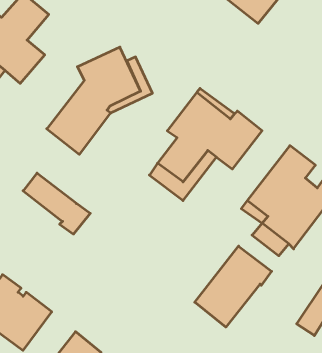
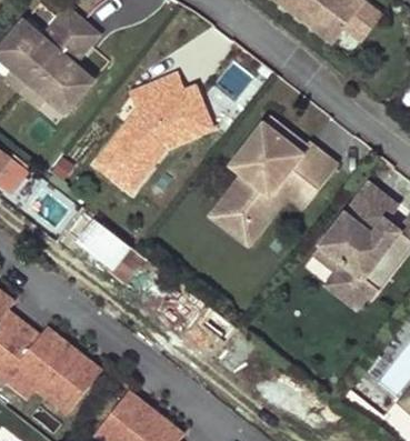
building: [195,246,272,327] -> none

